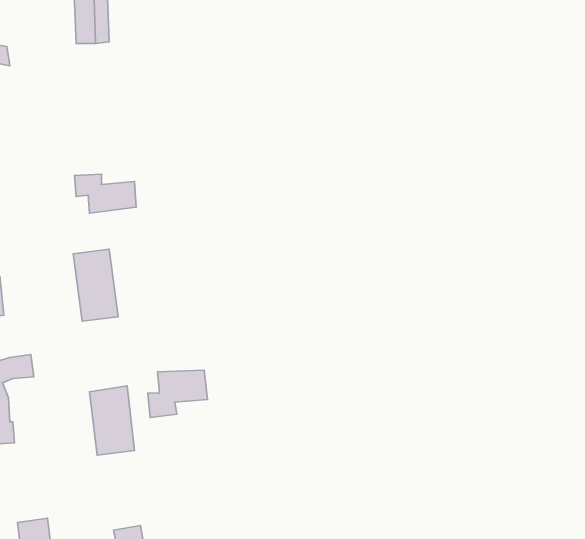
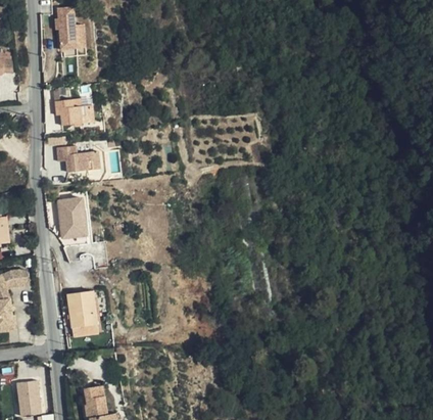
building: none -> [54,99,94,126]
building: [148,370,208,418] -> none

